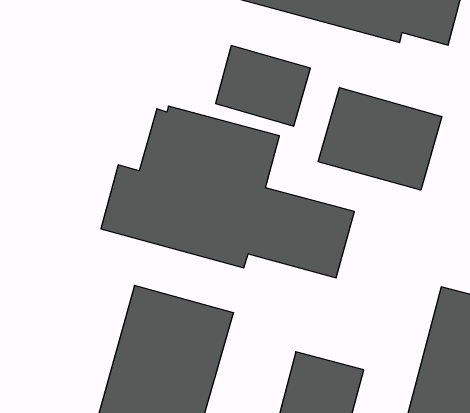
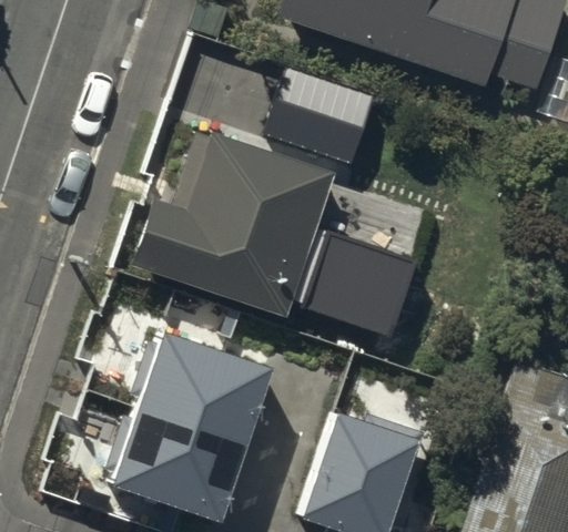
building: [318,87,442,190] -> none

